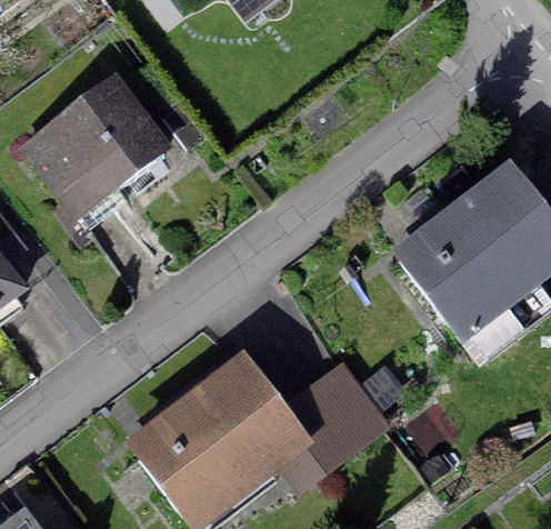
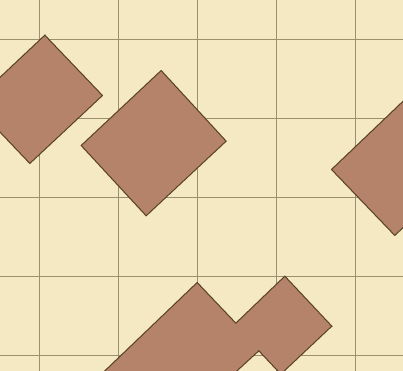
building: none -> [81,71,226,216]

